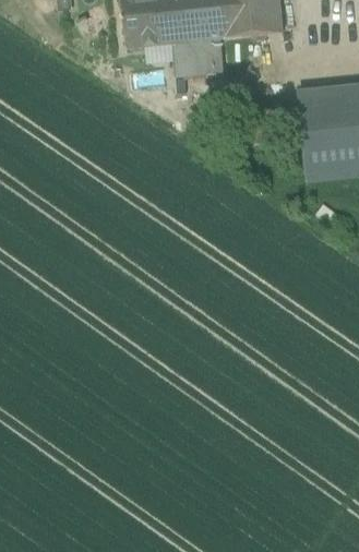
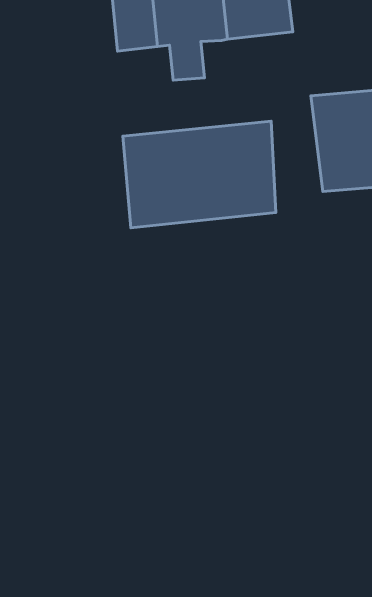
building: [201,39,223,73] -> none
building: none -> [123,121,276,228]

